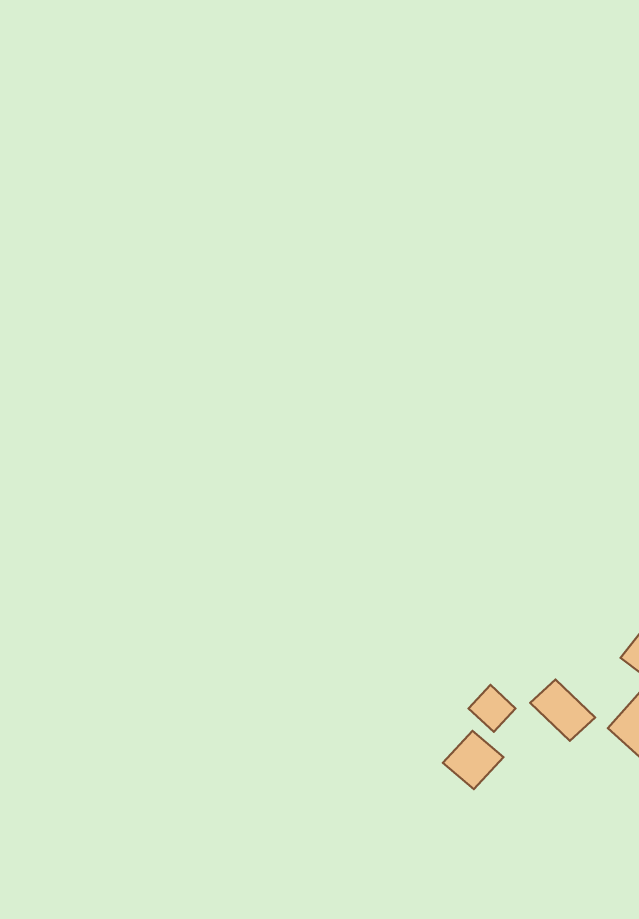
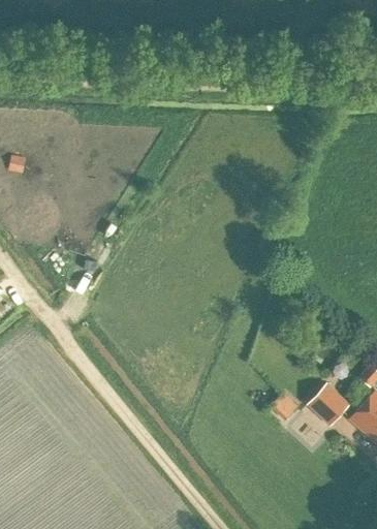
building: [443,731,503,789] -> none

